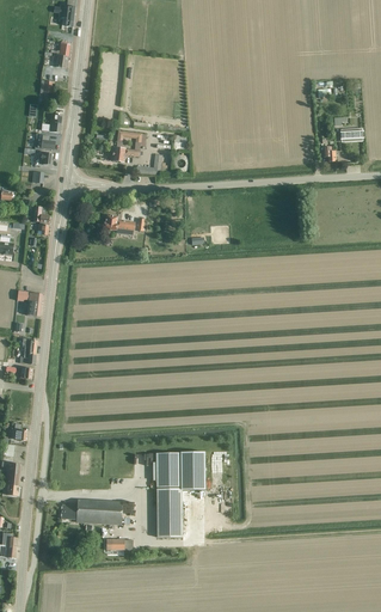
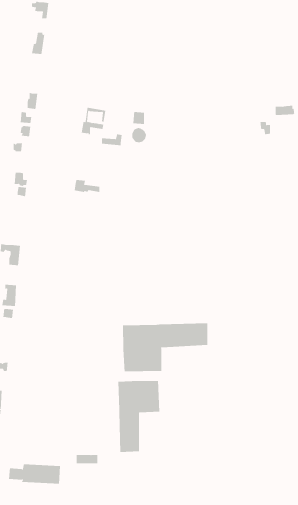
building: none -> [123,322,208,372]
building: [61,500,123,524] -> [8,464,61,484]

